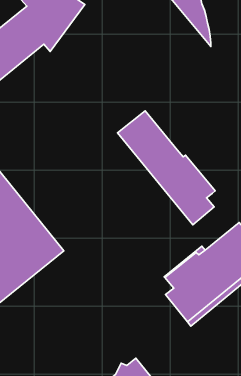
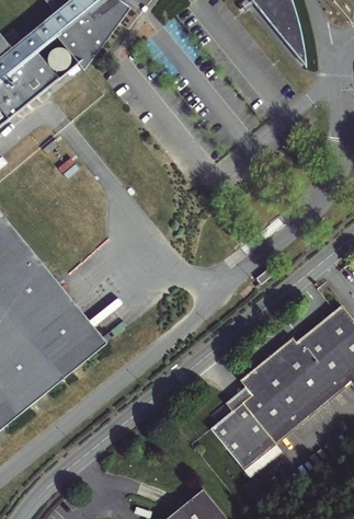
building: [118,111,215,225] -> none
building: none -> [212,385,277,472]

